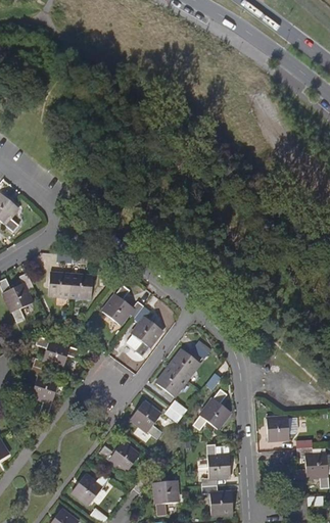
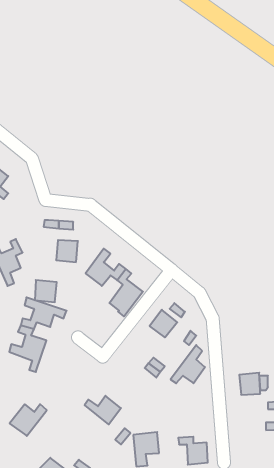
building: [49,273,73,296] -> [35,280,57,302]
building: [156,367,187,397] -> none
building: [130,401,161,439] -> none
building: [201,444,231,486] -> none
building: [72,473,111,507] -> [10,404,47,436]

